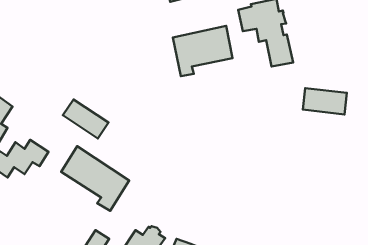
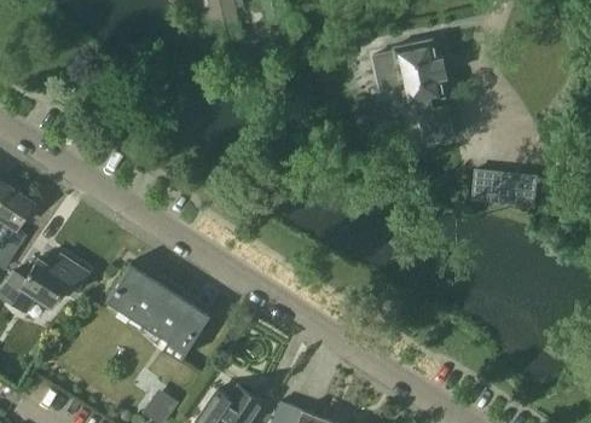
building: [173,26,233,76] -> none
building: [63,99,109,138] -> none

